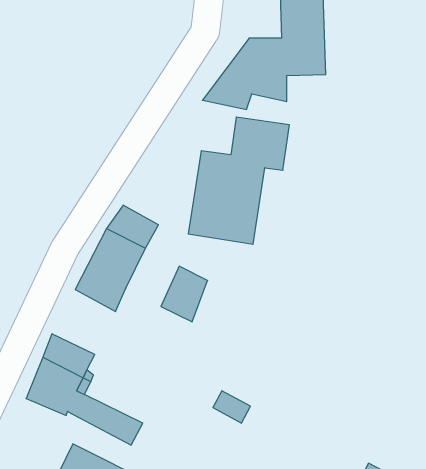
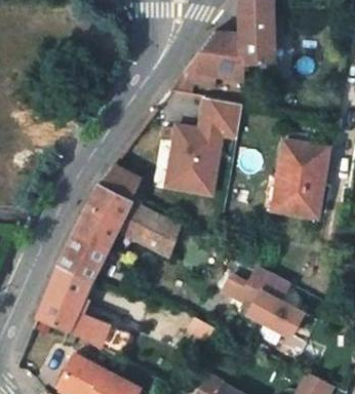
building: none -> [276,143,325,219]
building: none -> [115,200,157,246]
building: none -> [56,233,107,284]
building: none -> [240,265,310,339]

